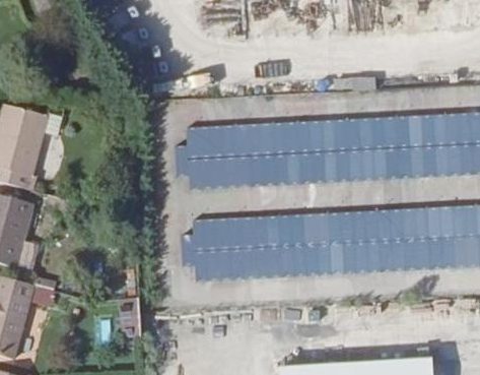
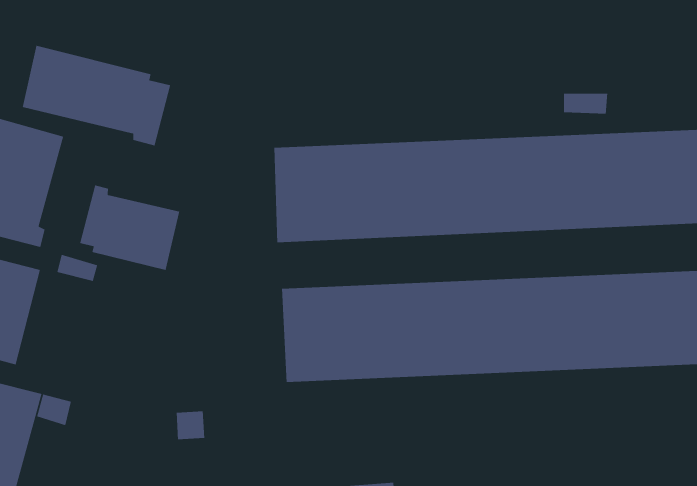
building: none -> [22,45,171,146]
building: none -> [79,184,180,271]

